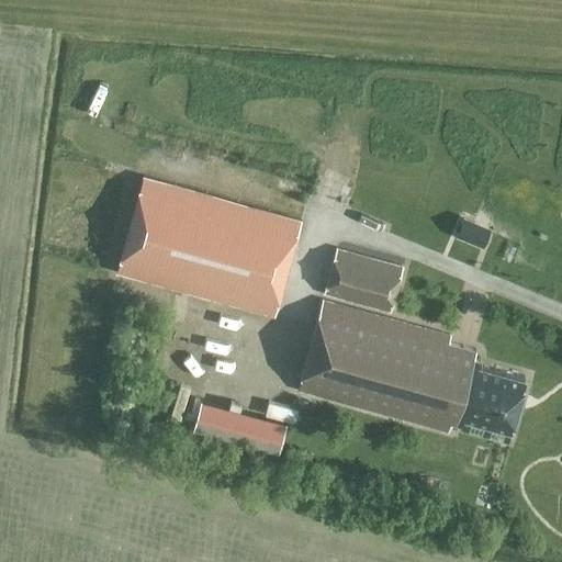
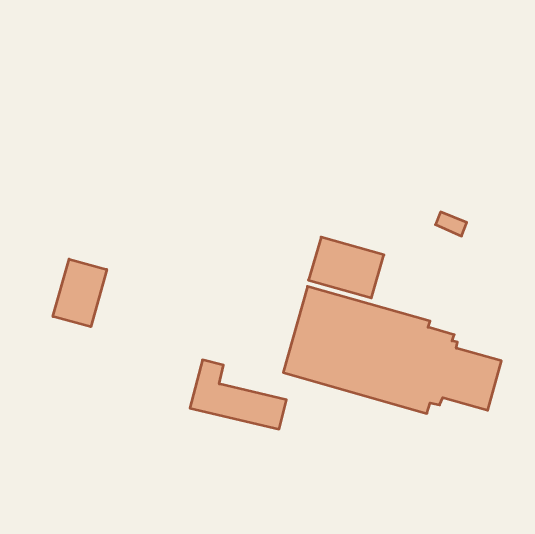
building: [116,178,300,316] -> none
building: none -> [53,259,107,327]

